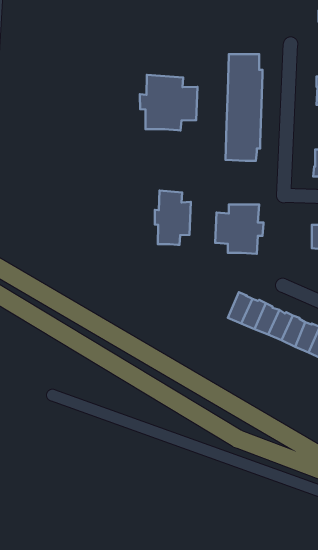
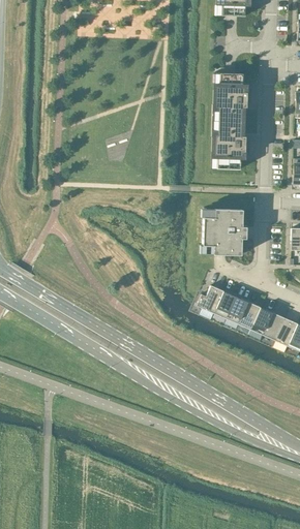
building: [140,75,197,130] -> none
building: [155,191,191,245] -> none
building: none -> [197,285,224,314]

